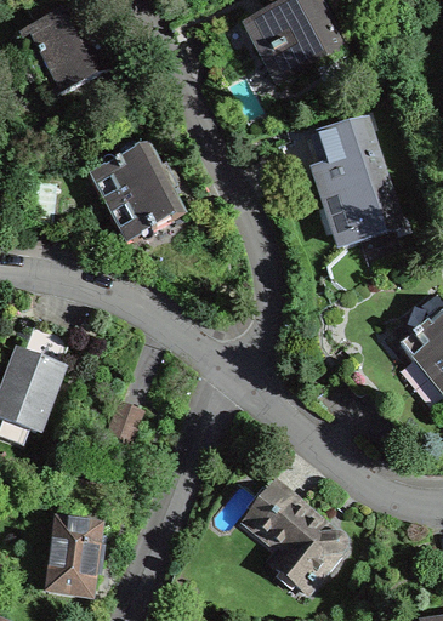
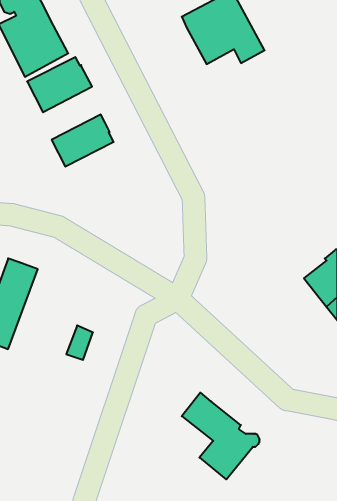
building: [317,118,401,244] -> none
building: [107,175,187,243] -> [27,57,92,112]
building: [47,517,104,593] -> none

